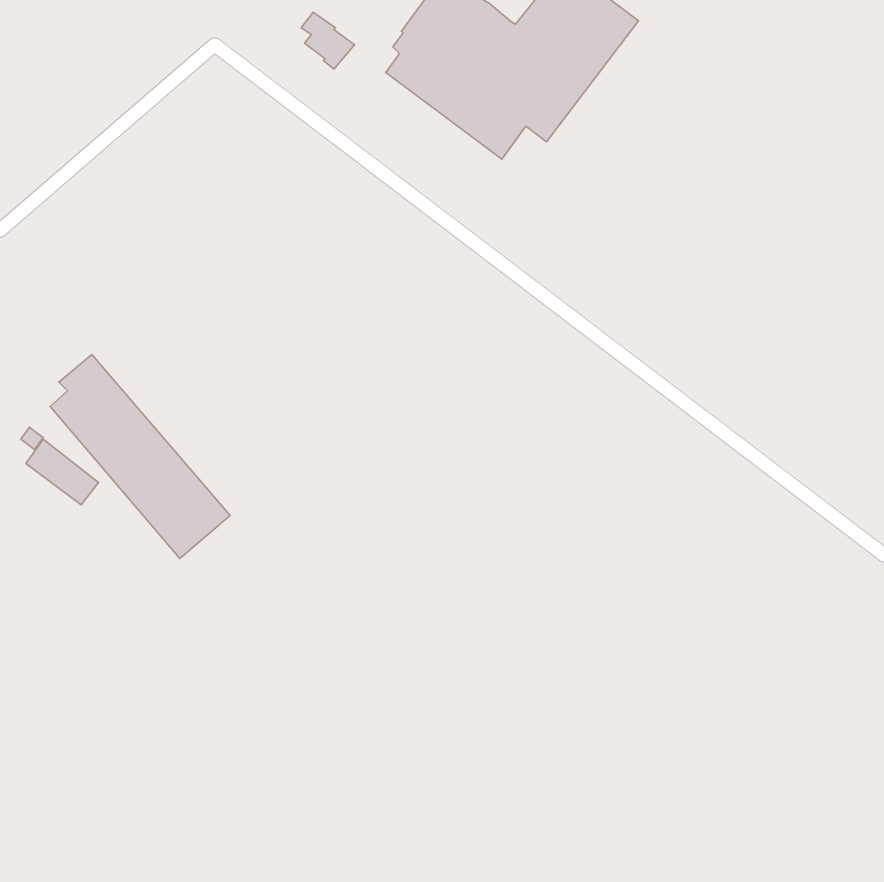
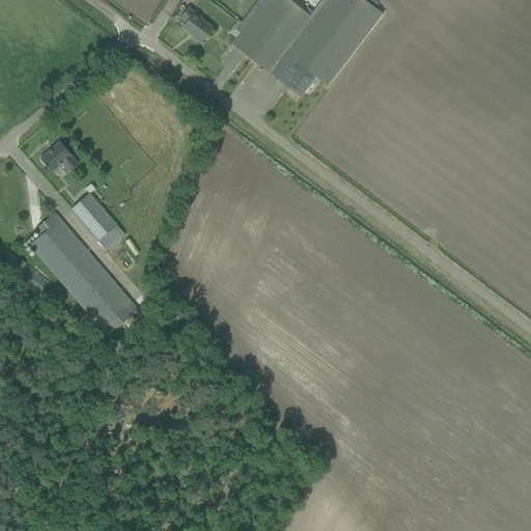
building: none -> [40,140,79,171]
building: none -> [71,183,125,250]

